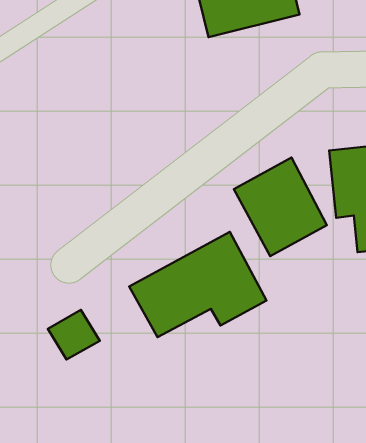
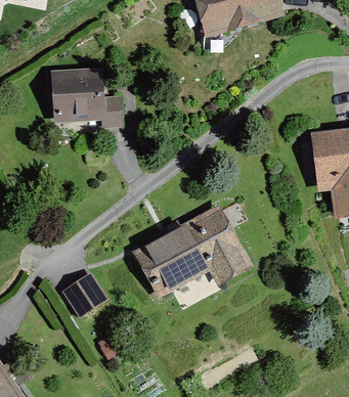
building: none -> [52,68,125,126]
building: [234,158,327,256] -> none

